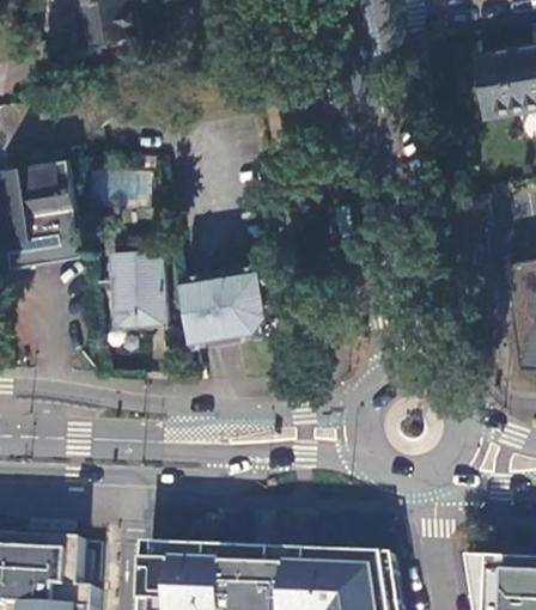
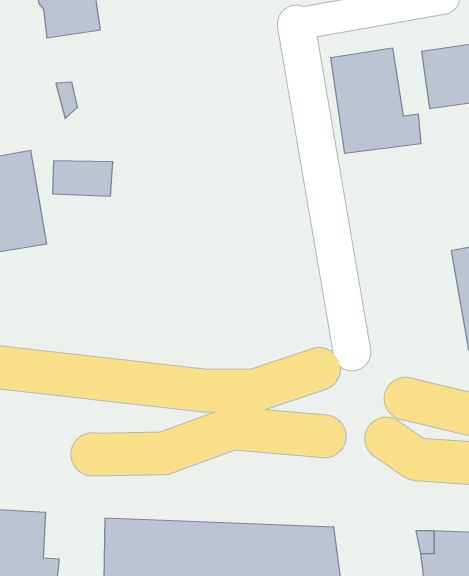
building: none -> [331,48,421,154]
building: [112,252,163,323] -> none
building: [184,263,275,348] -> none

